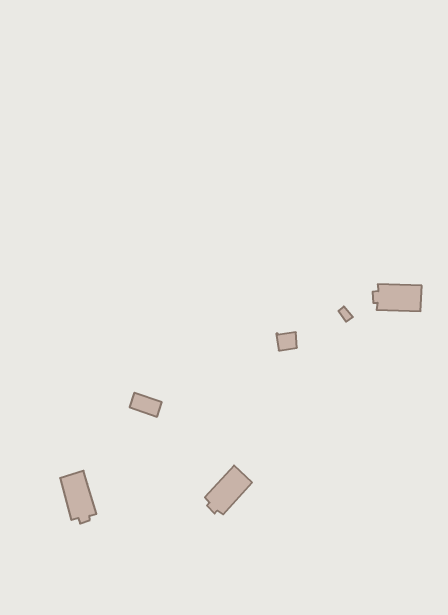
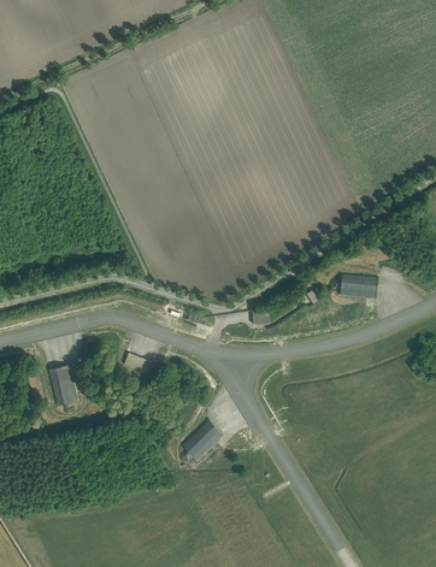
building: [60,471,96,524] -> [49,364,78,408]

